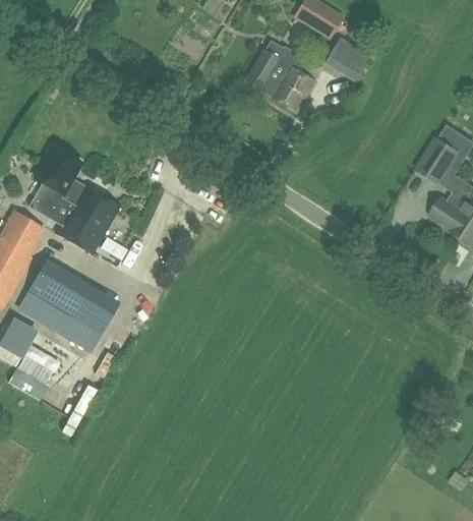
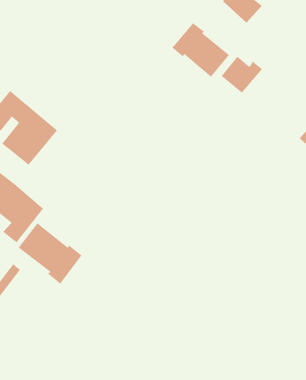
building: [323,36,373,80] -> [221,56,263,94]
building: none -> [18,222,82,284]

